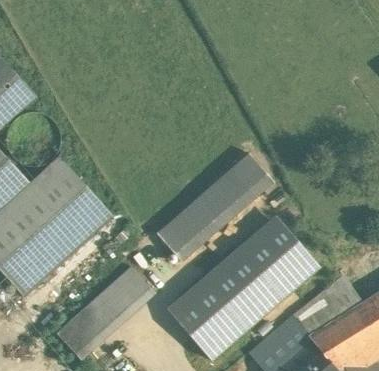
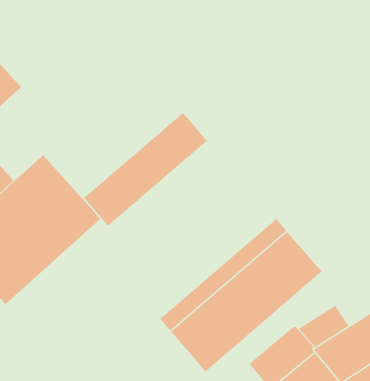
building: [156,153,272,260] -> [83,112,208,227]
building: [55,266,155,360] -> none

